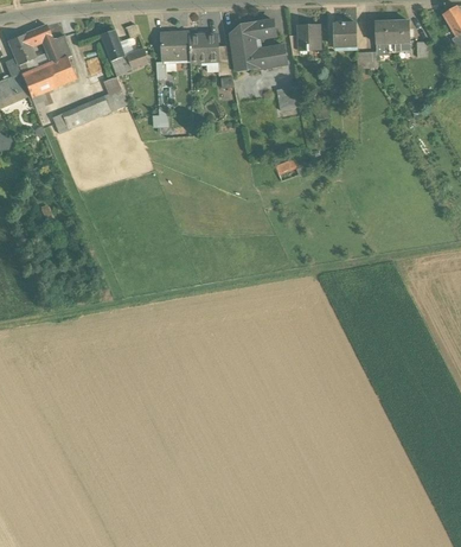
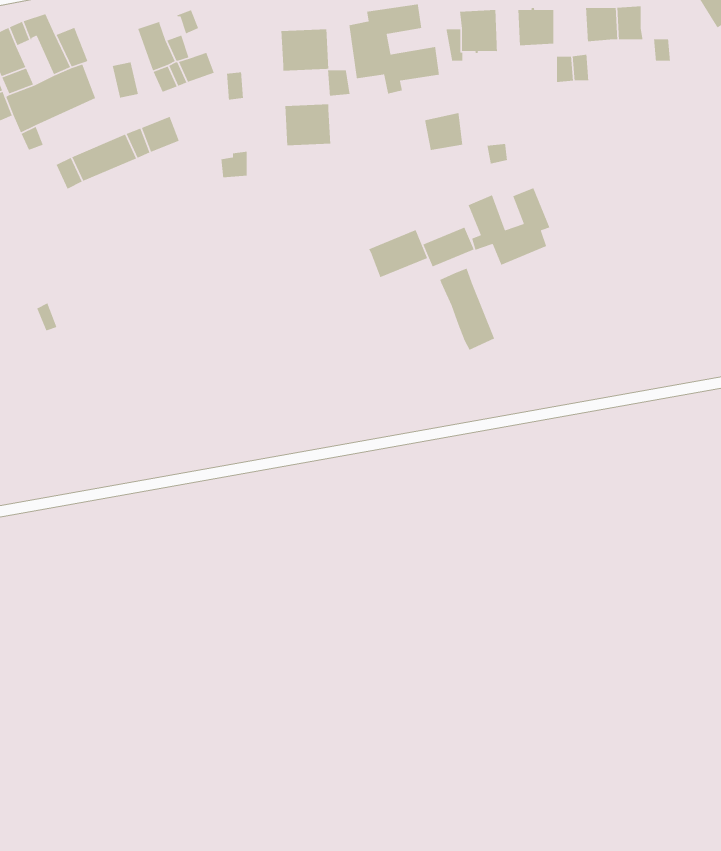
building: [161,32,190,58] -> [284,104,331,146]
building: none -> [468,187,551,266]
building: none -> [368,229,428,278]
building: none -> [439,268,495,351]

